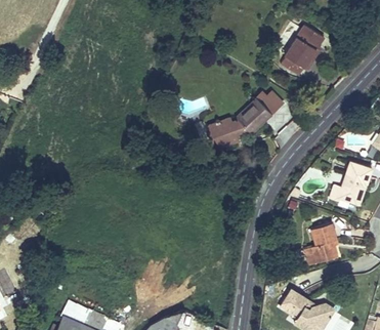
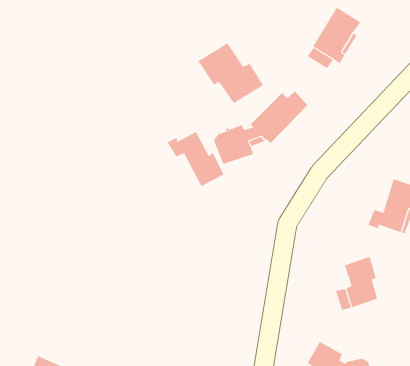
building: none -> [198,43,264,104]
building: none -> [167,131,224,187]

